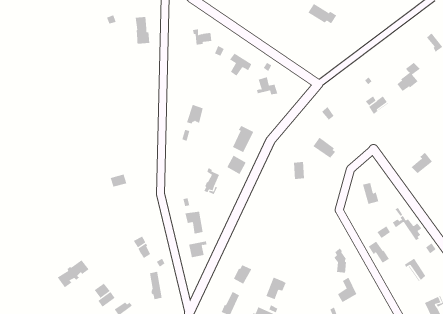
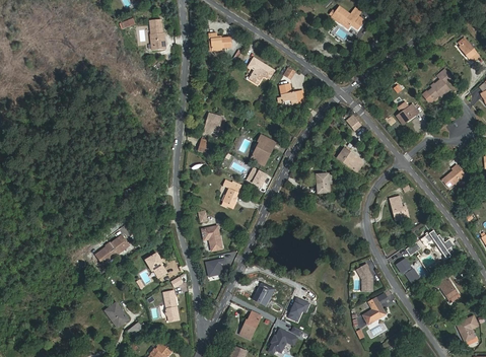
building: [57,260,89,288] -> [94,234,129,265]

